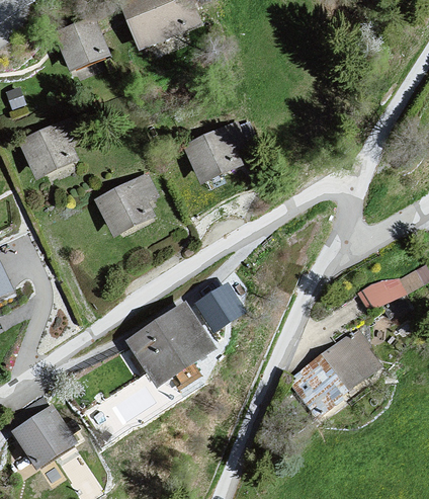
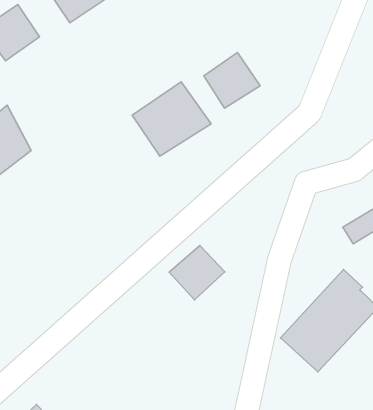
building: none -> [204,53,260,108]
building: [95,176,159,240] -> none
building: [124,297,214,383] -> none

